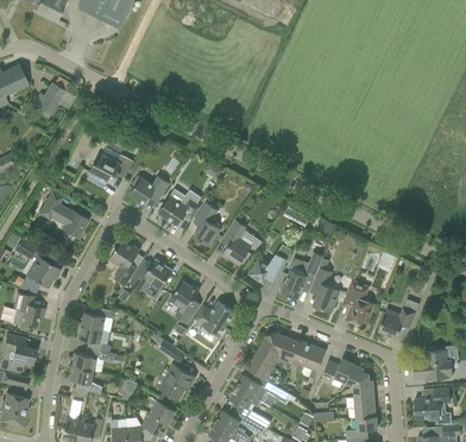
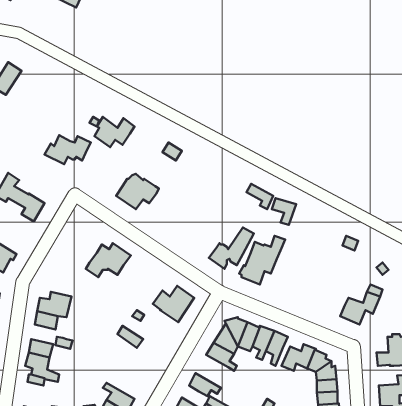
building: [130,175,169,204] -> [94,117,135,147]
building: [193,202,220,246] -> none
building: [220,219,262,265] -> none
building: [111,239,139,285] -> none
building: [309,266,340,312] -> none
building: [170,280,200,324] -> none
building: [341,280,373,324] -> none
building: [160,364,195,399] -> none
building: [235,374,290,406] -> none

